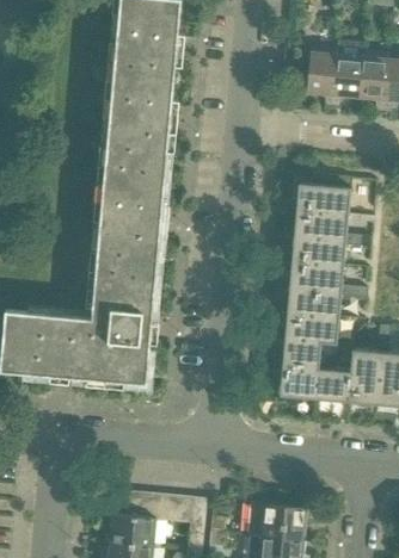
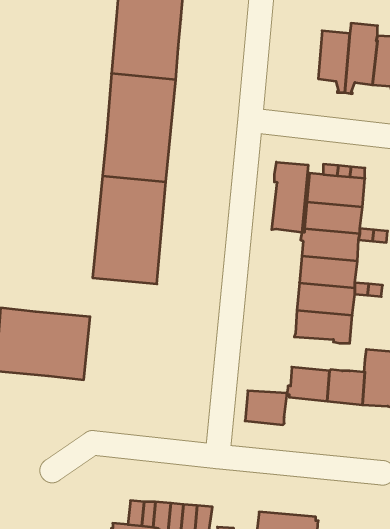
building: none -> [272,162,308,232]
building: [85,281,154,384] -> none
building: [282,337,321,370] -> [245,391,287,425]

